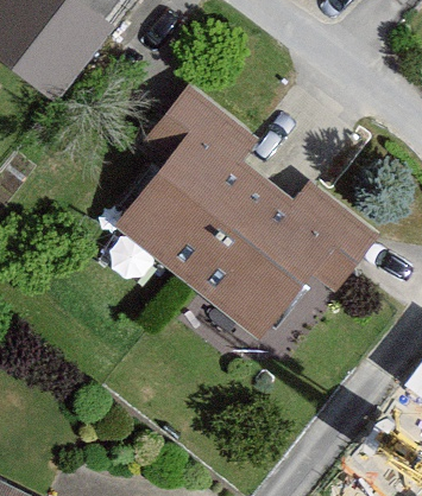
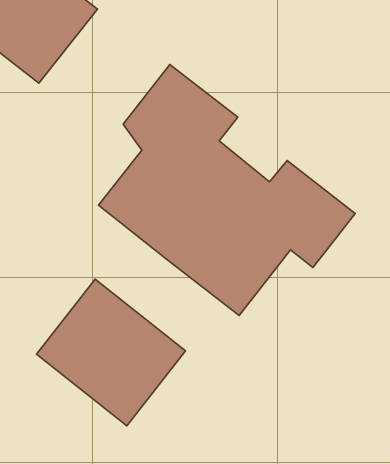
building: none -> [37,279,185,426]

